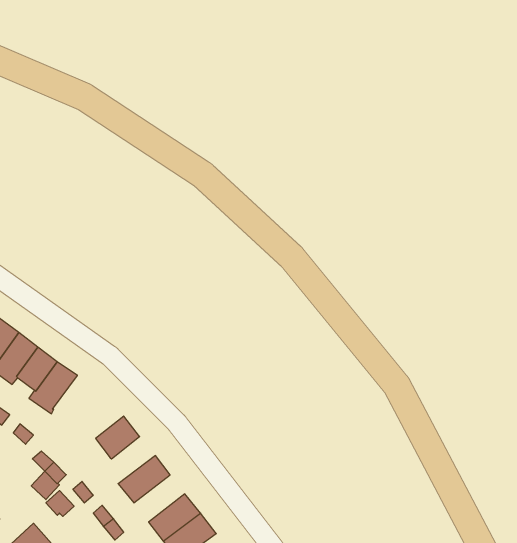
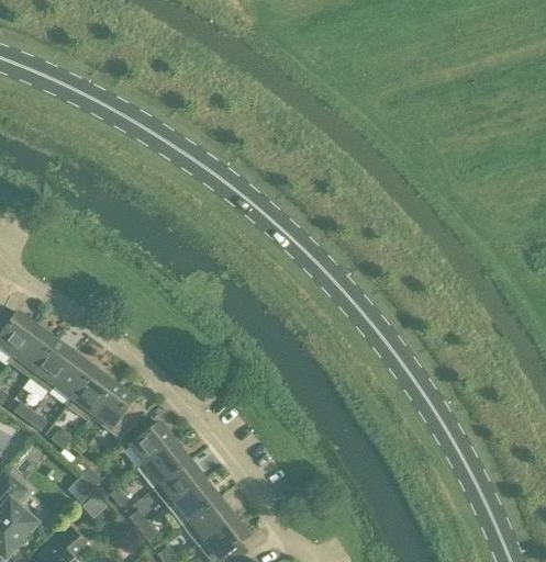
building: none -> [90,382,143,437]
building: none -> [140,441,190,487]
building: none -> [169,479,219,525]

